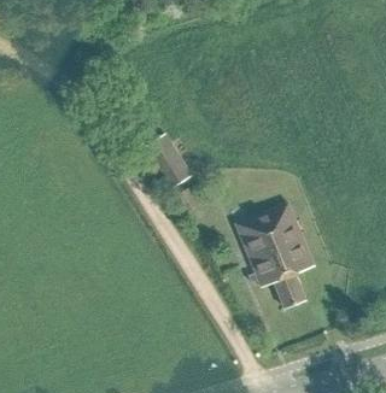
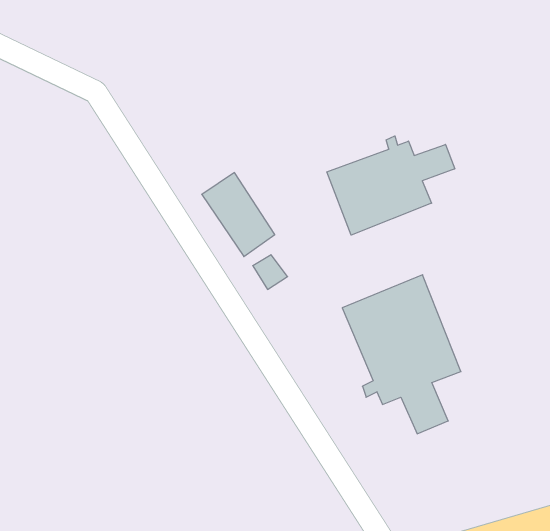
building: none -> [327,136,455,235]

